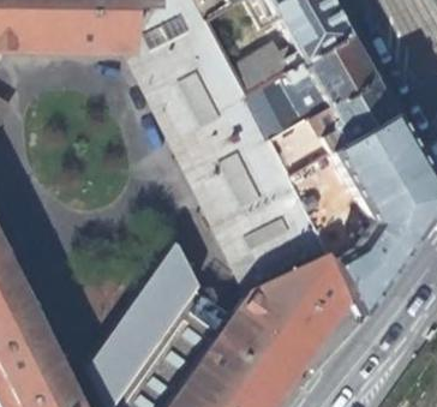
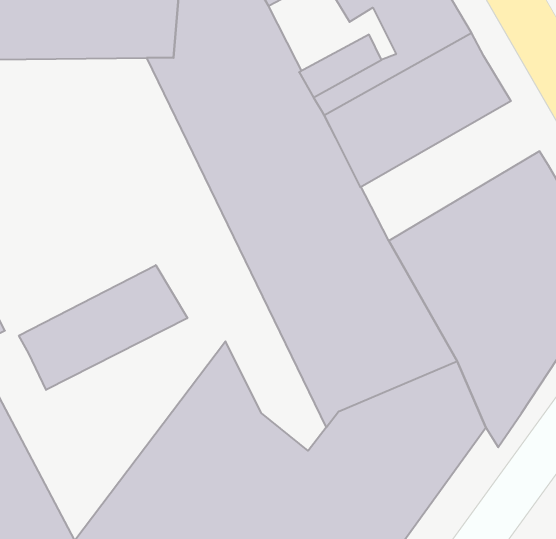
building: [270,80,390,174] -> none
building: none -> [19,265,187,390]

